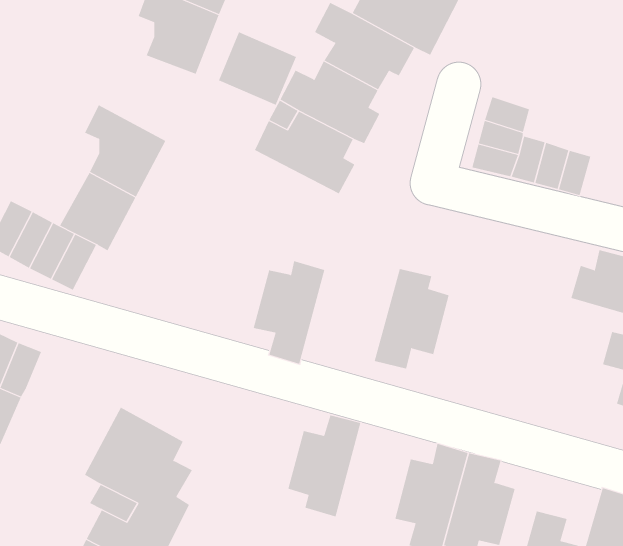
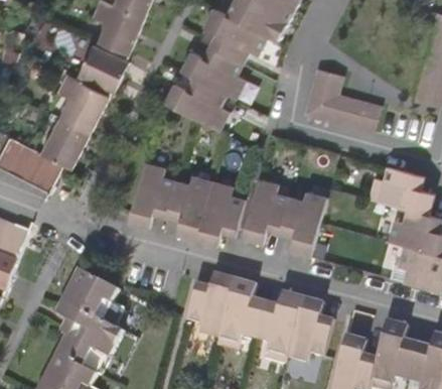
building: [218,32,297,106] -> [78,44,128,92]
building: none -> [128,160,174,226]
building: none -> [194,178,244,245]
building: none -> [280,189,326,255]
building: none -> [216,276,265,349]

